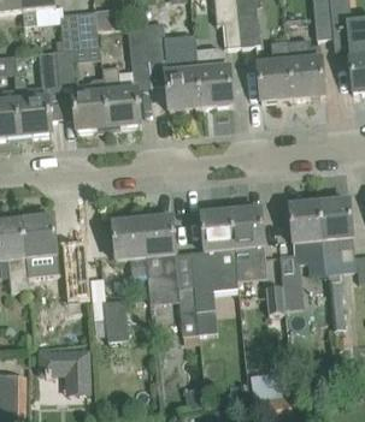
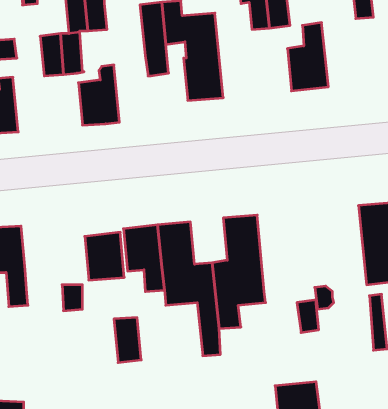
building: [193,32,232,107] -> none
building: [287,38,324,97] -> none
building: [102,66,141,129] -> none
building: [14,88,52,137] -> none
building: [289,202,326,273] -> none
building: [230,208,266,278] -> none
building: [22,216,57,258] -> [85,232,124,280]
building: [36,349,88,375] -> none

